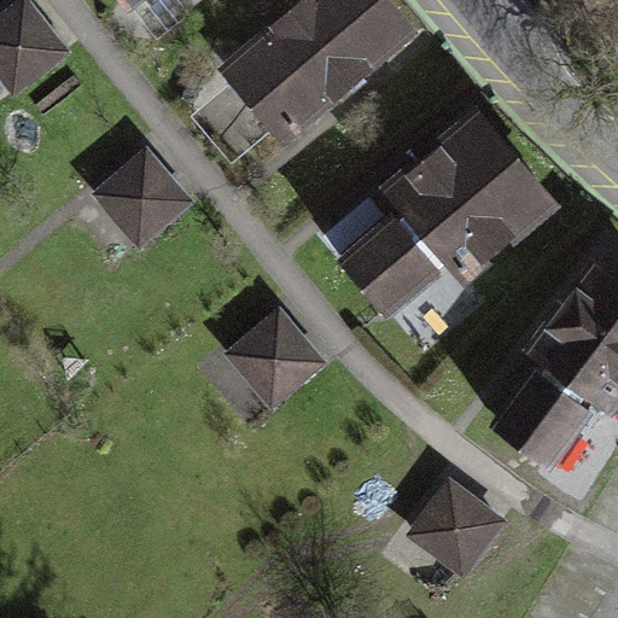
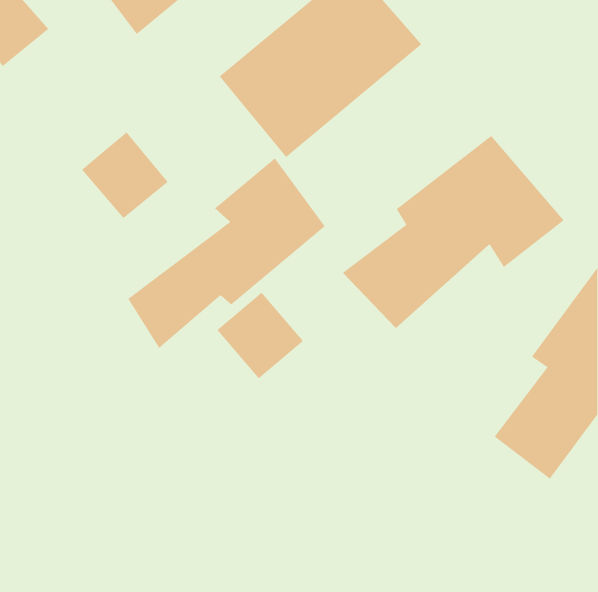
building: none -> [127,158,325,349]
building: [395,460,491,556] -> none

